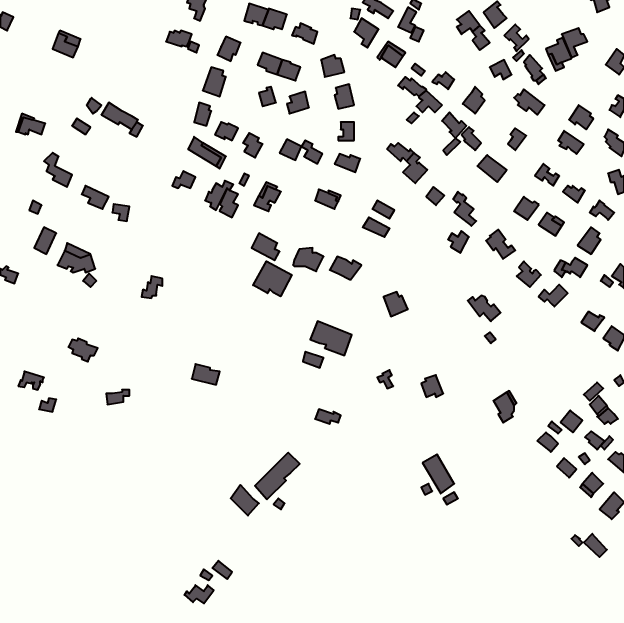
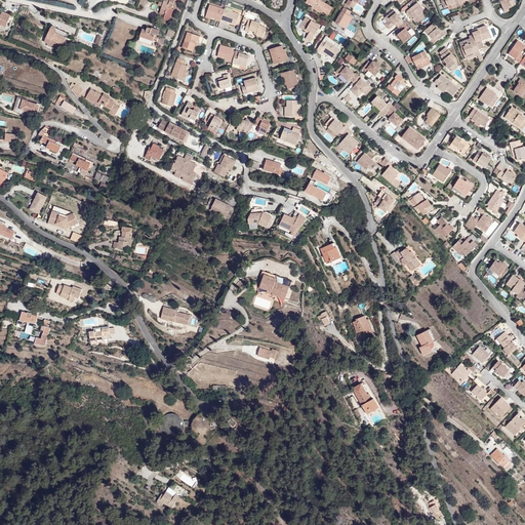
building: [253,261,292,296] -> none
building: [255,453,300,499] -> none

